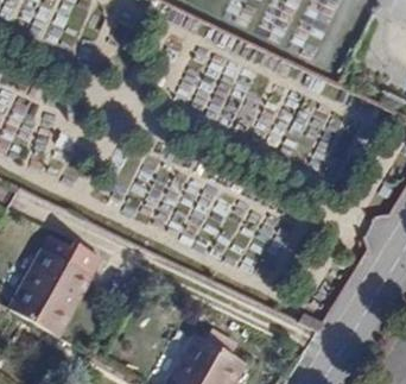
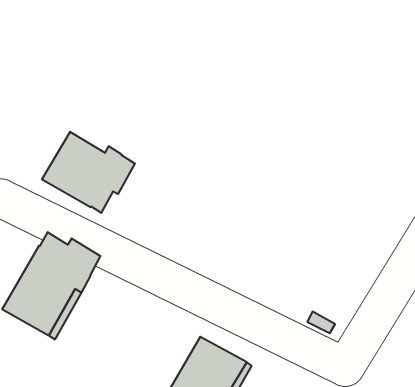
building: none -> [42,132,135,213]

